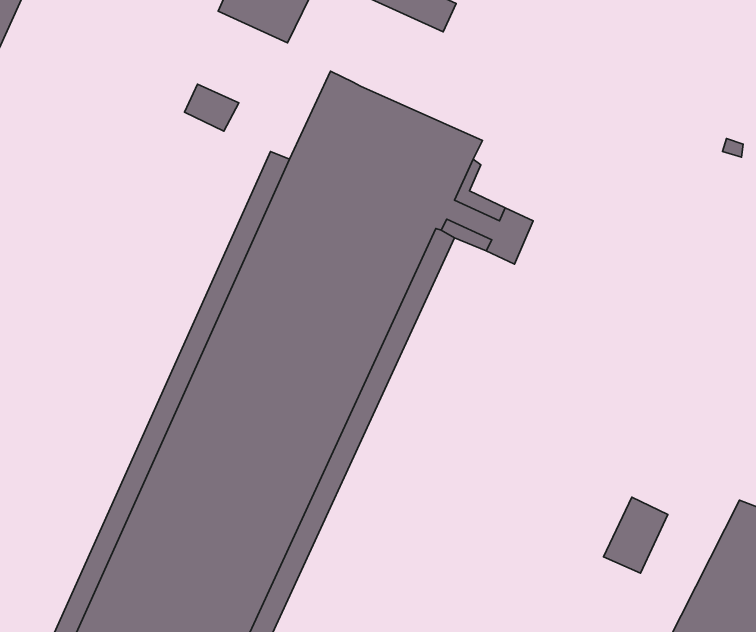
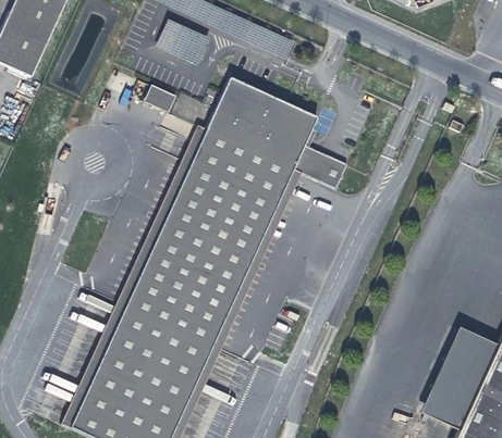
building: [604,497,668,573] -> none

